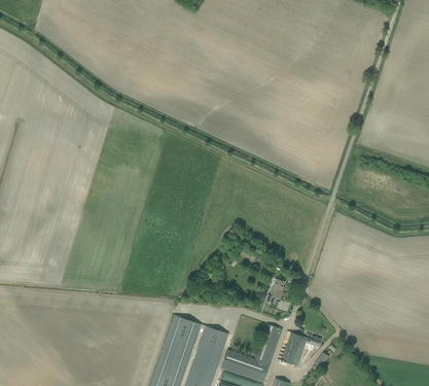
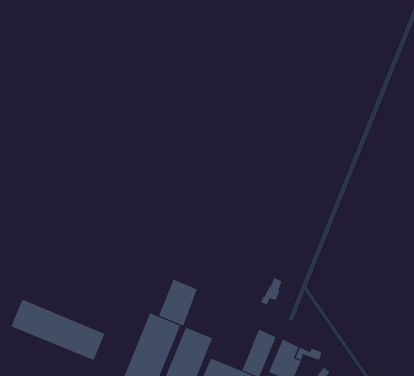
building: none -> [158,279,198,327]
building: none -> [11,299,105,361]

